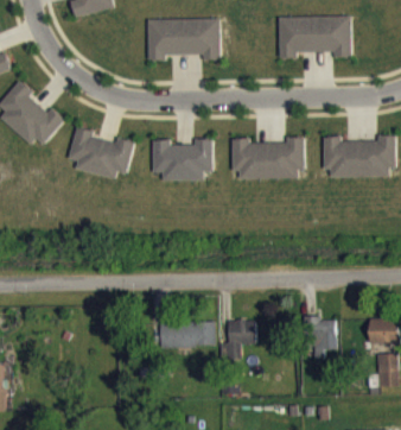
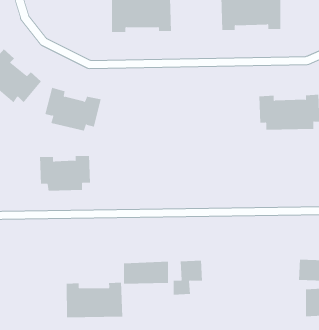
building: [231,134,304,177] -> none
building: [152,135,214,178] -> [39,155,91,191]
building: [305,327,337,368] -> none
building: none -> [66,282,123,318]

